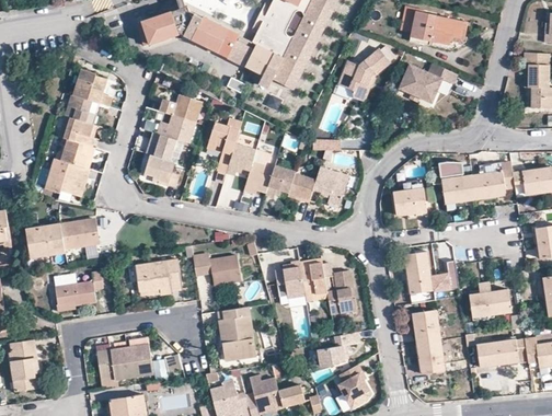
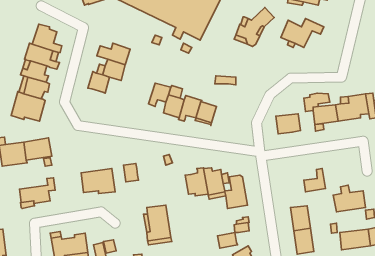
building: [208,122,241,175] -> none
building: [145,155,181,186] -> none
building: [312,166,348,206] -> none
building: [404,252,434,302] -> none
building: [210,257,241,286] -> none

